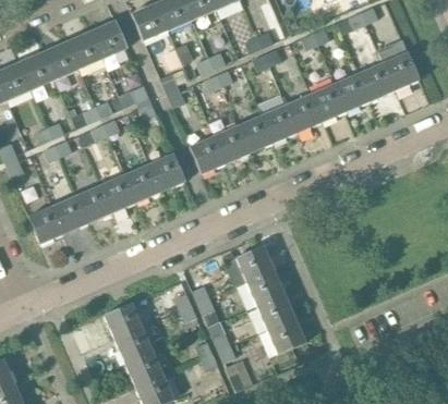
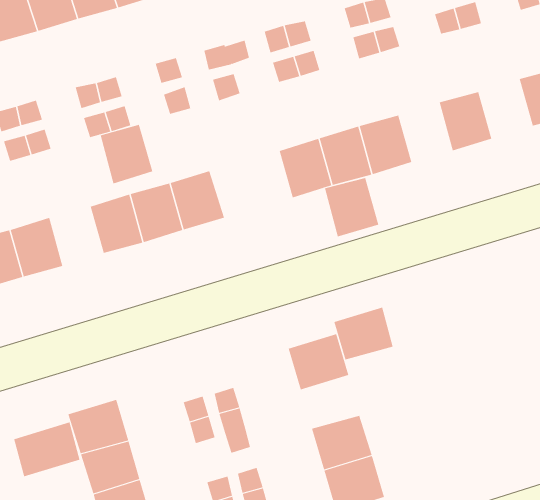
building: [334,72,370,111] -> none
building: [286,93,322,132] -> none
building: [189,135,226,174] -> [324,177,379,237]
building: [76,184,112,223] -> [100,124,153,184]
building: [245,269,284,305] -> [334,307,394,360]
building: none -> [13,422,80,477]

